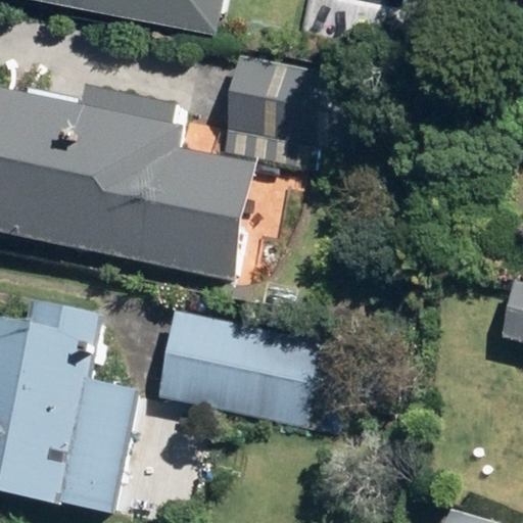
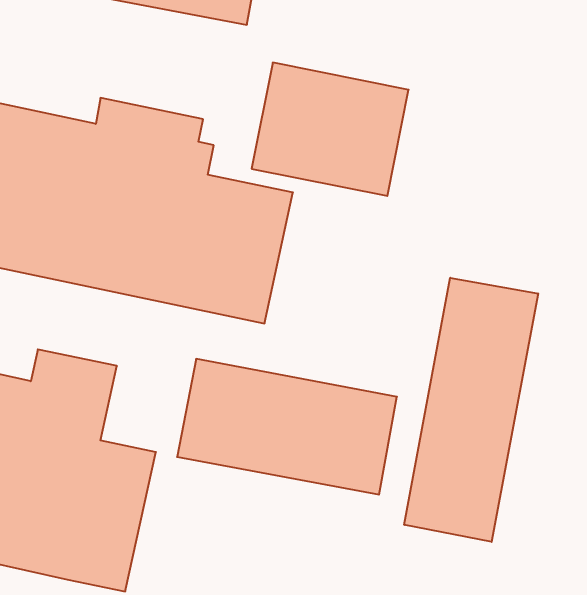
building: none -> [404,278,538,542]

